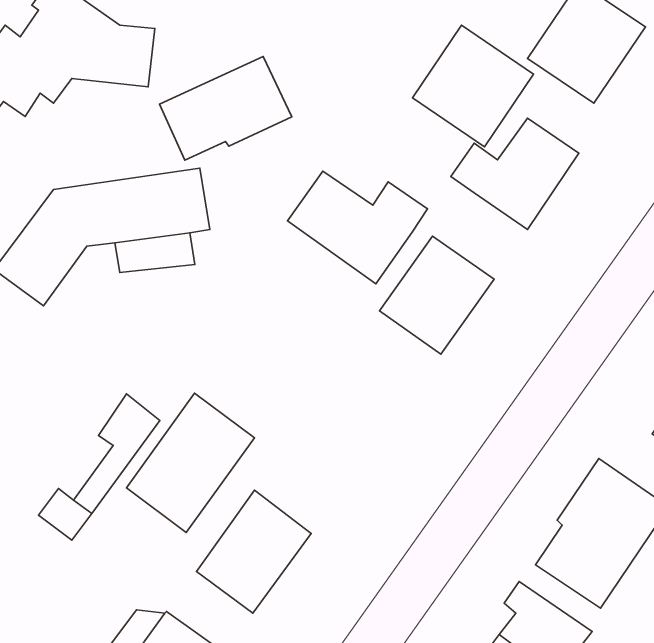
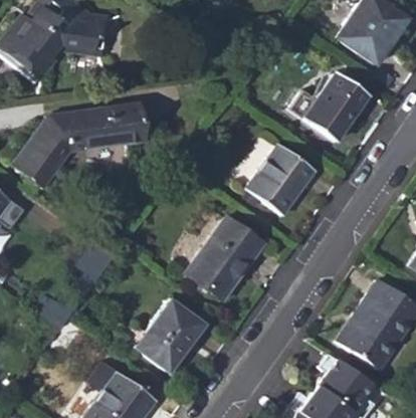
building: [412,25,534,147] -> none
building: [159,57,292,160] -> none
building: [288,171,428,284] -> none
building: [126,393,254,533] -> [187,216,264,300]

